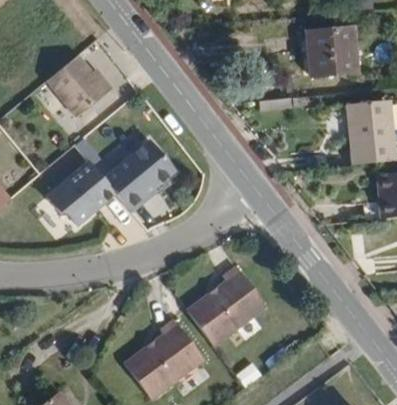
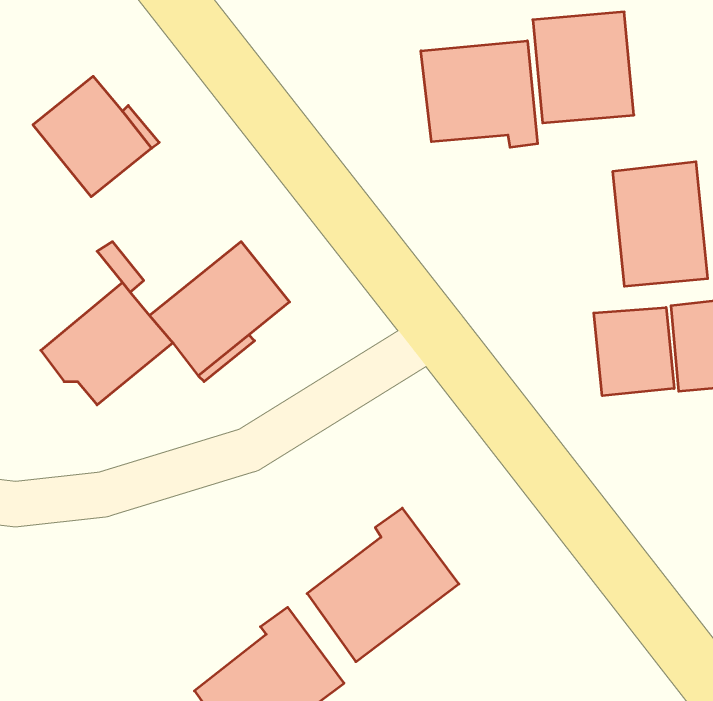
building: none -> [421,41,538,147]
building: none -> [594,307,674,396]

